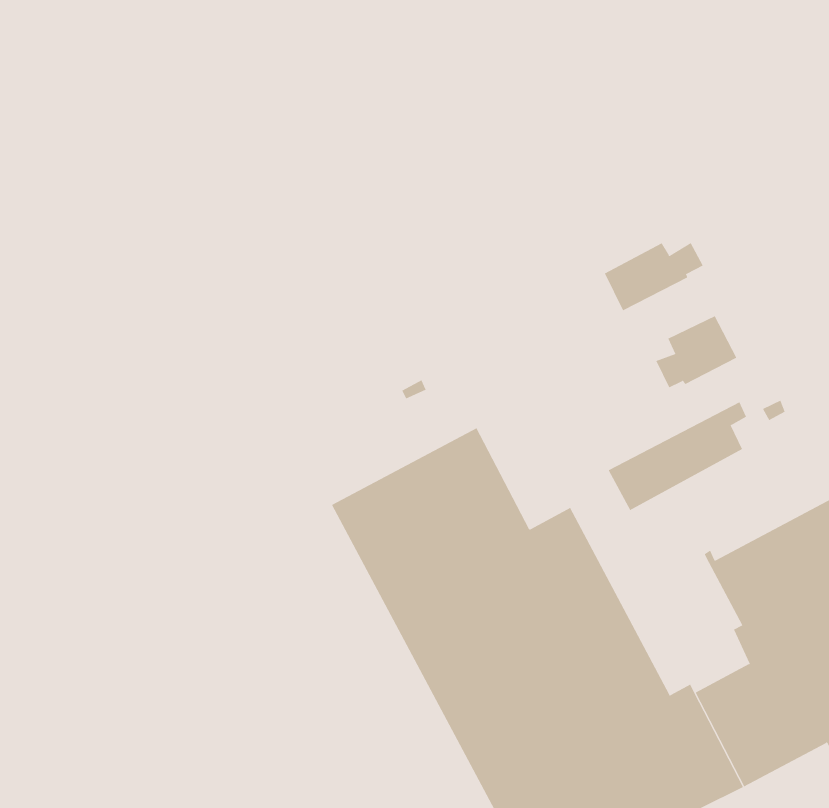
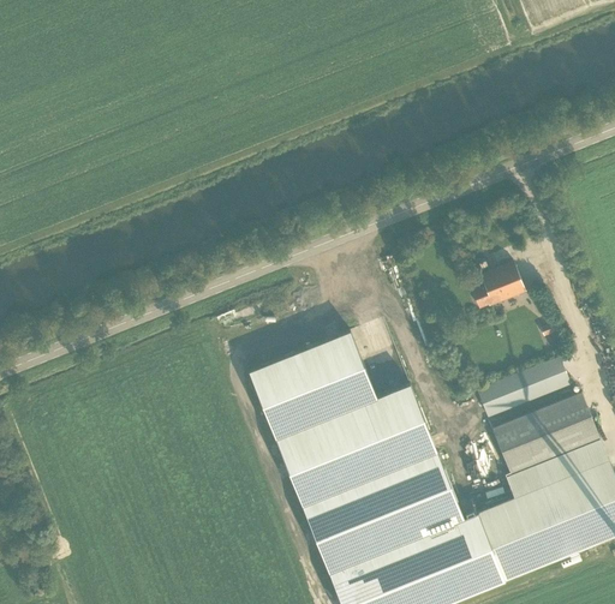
building: [604,242,703,311] -> none
building: [608,401,747,511] -> [477,353,574,419]

